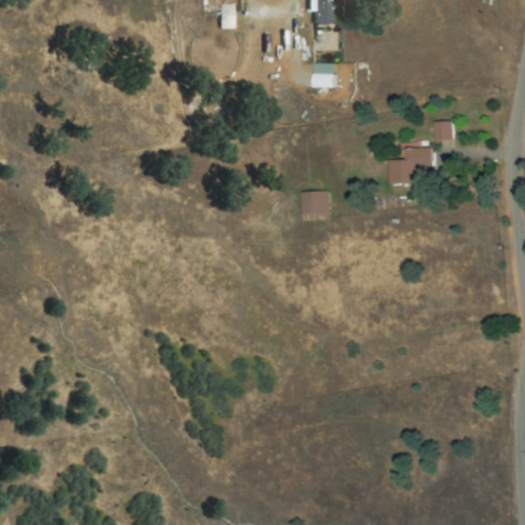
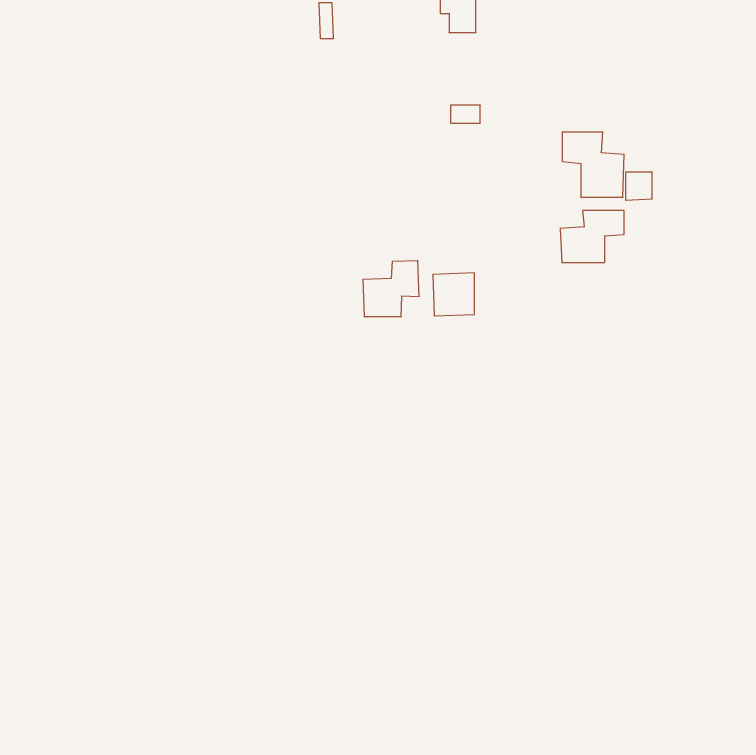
building: none -> [563,132,624,198]
building: none -> [363,260,419,317]

